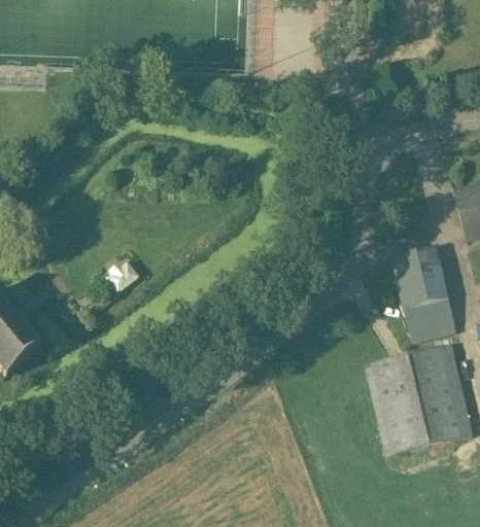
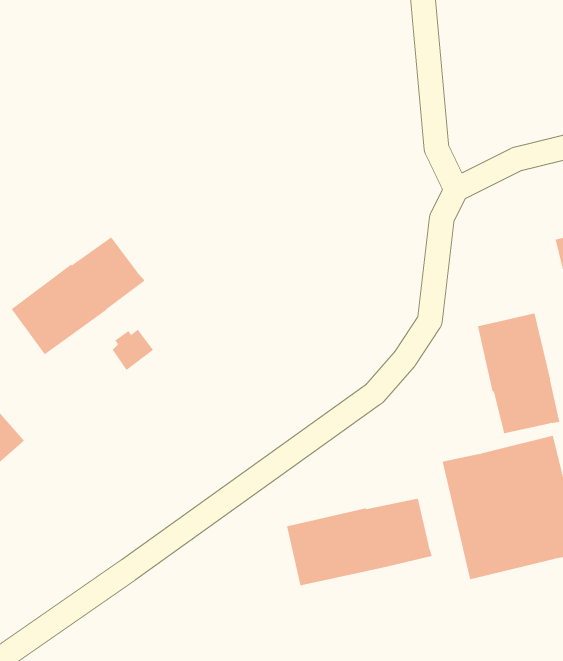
building: none -> [11,236,145,355]
building: none -> [287,498,432,586]

